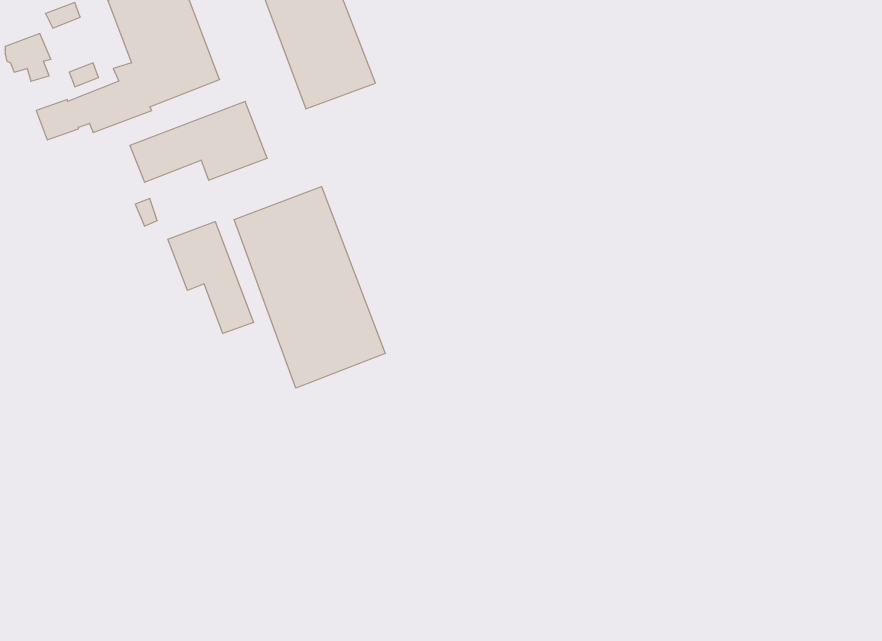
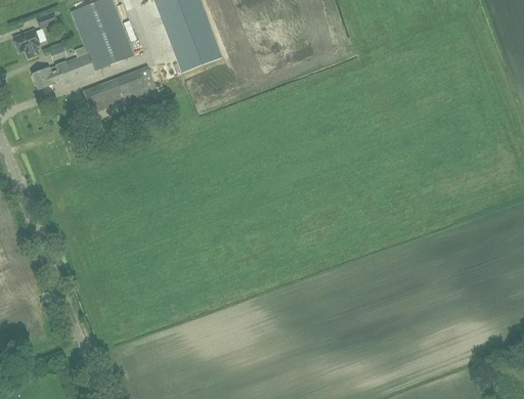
building: [234,187,385,388] -> none
building: [168,222,254,334] -> none

